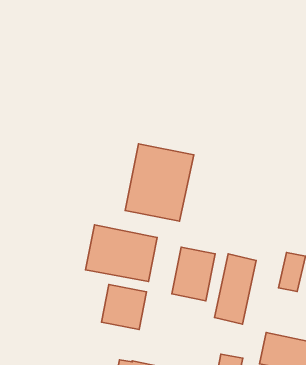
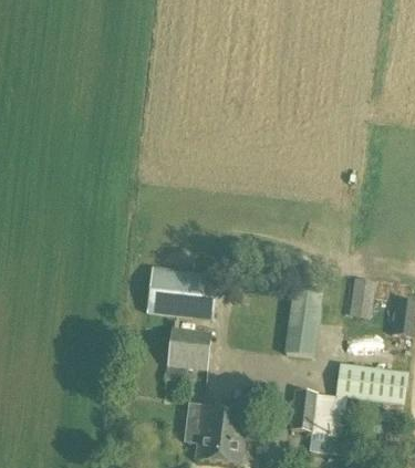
building: [125,144,194,221] -> none
building: [172,247,215,301] -> none

